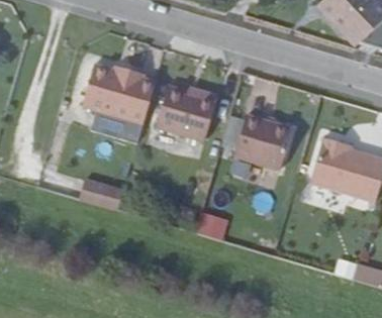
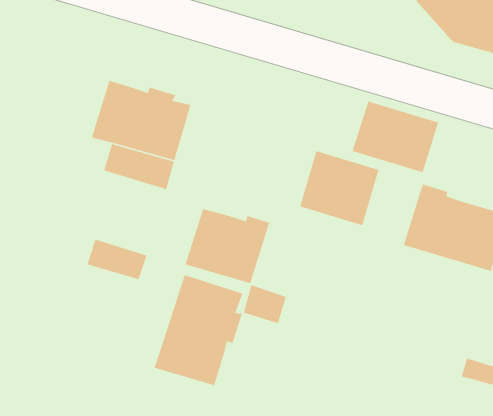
building: none -> [352,101,439,173]
building: [155,84,217,139] -> [185,208,270,284]
building: none -> [153,274,244,386]

